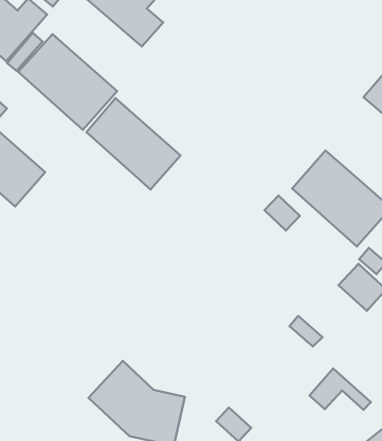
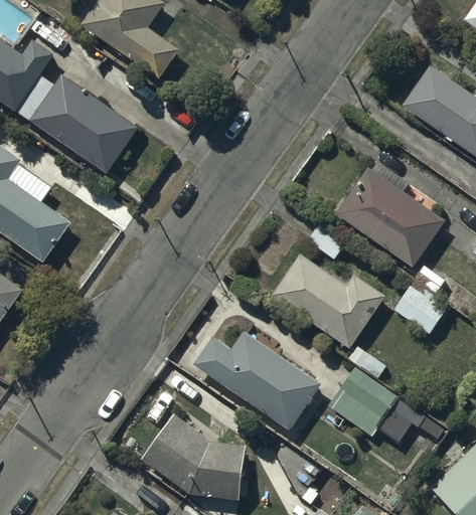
building: [86,98,181,189] -> none
building: none -> [271,252,385,349]
building: none -> [194,333,321,428]
building: none -> [329,368,396,435]

